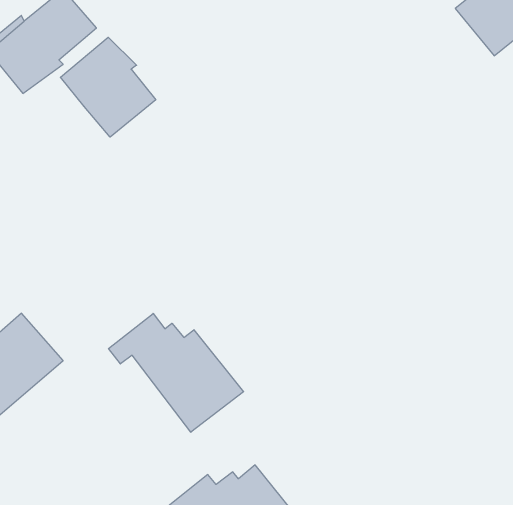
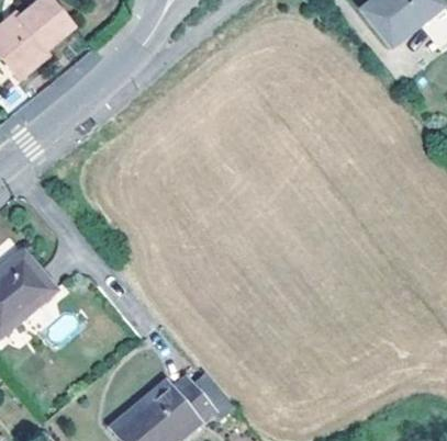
building: [60,37,156,137] -> none
building: [109,313,244,432] -> none

